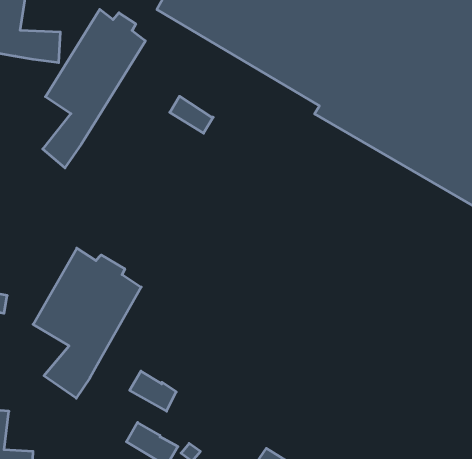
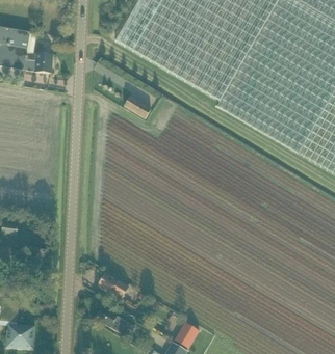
building: [43,9,145,168] -> none
building: [33,248,141,398] -> none

